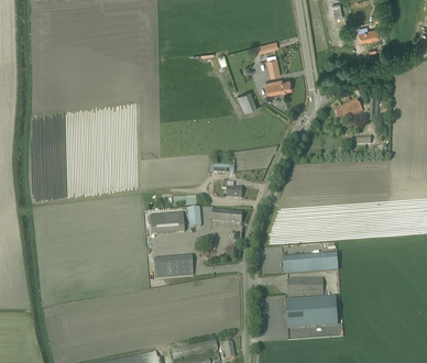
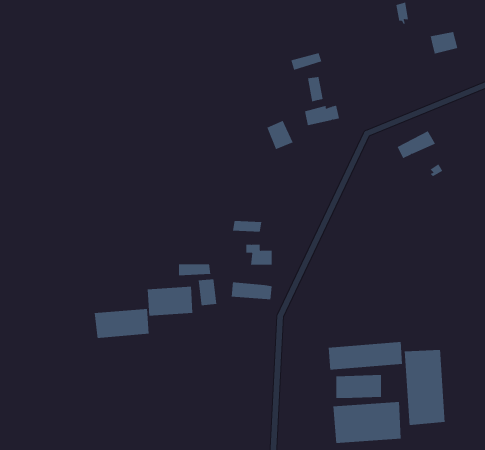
building: [152,256,193,278] -> [94,308,149,338]
building: none -> [404,349,445,426]

